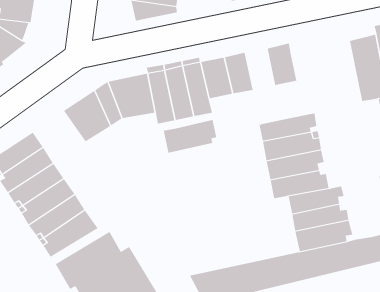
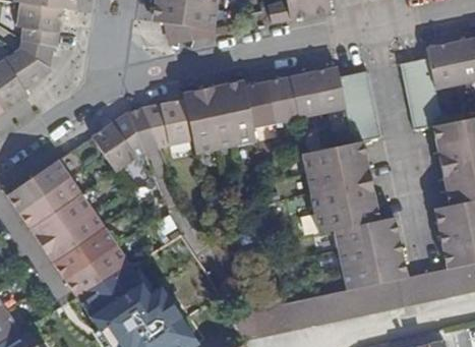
building: none -> [287,72,318,117]
building: none -> [337,72,379,143]
building: [163,119,217,153] -> none

